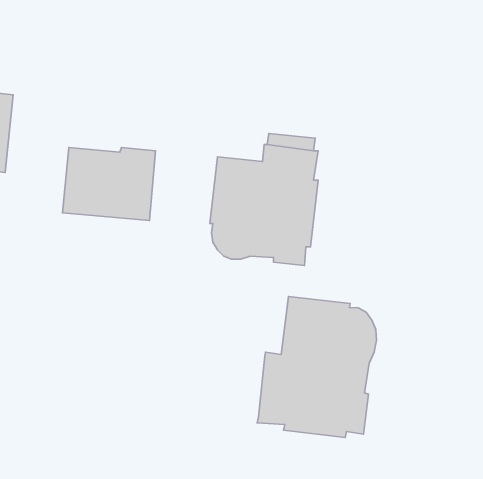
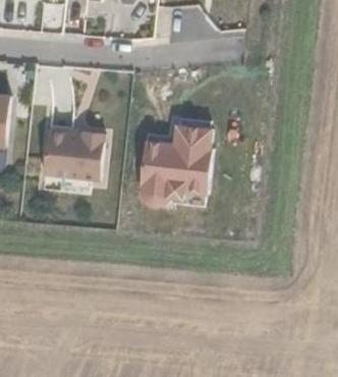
building: [257,296,377,437] -> none

